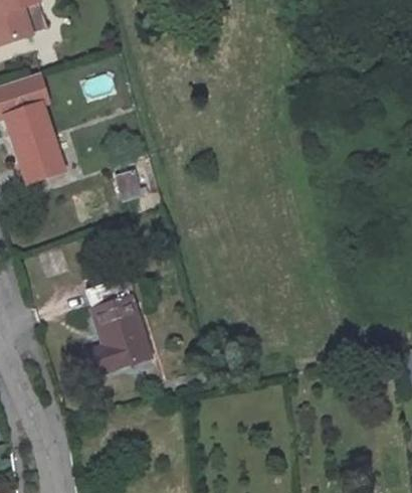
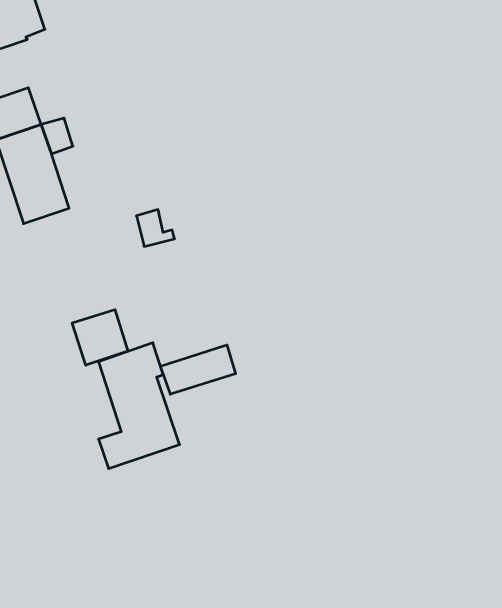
building: none -> [72,310,128,365]
building: none -> [160,345,236,394]

